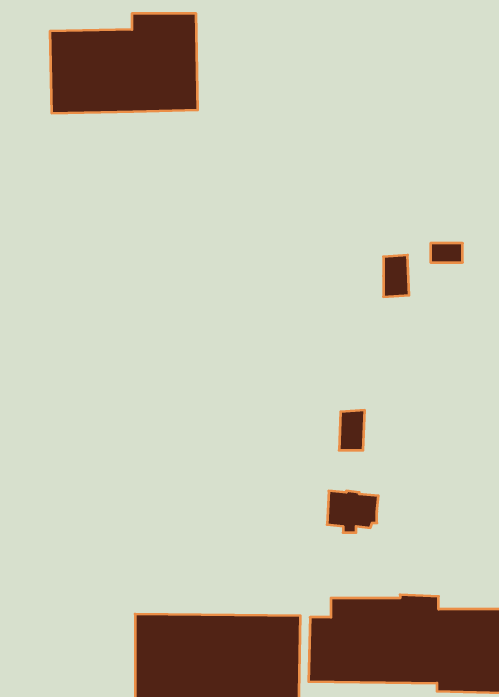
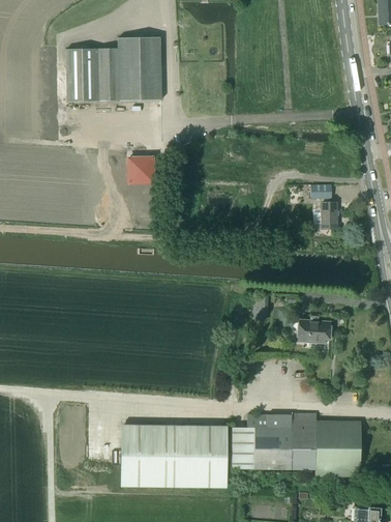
building: none -> [127,157,154,182]
building: [383,255,409,297] -> [322,202,338,229]
building: [327,491,378,533] -> [298,319,331,346]

